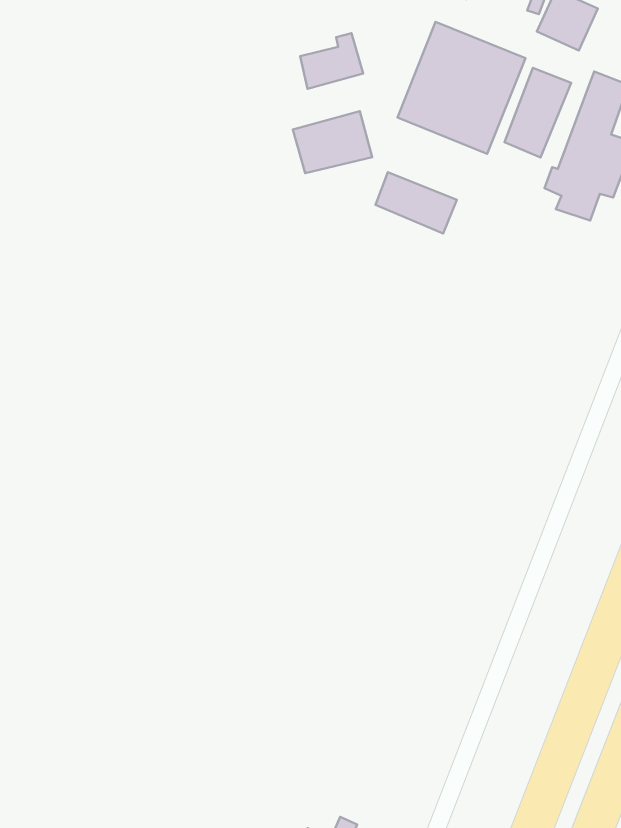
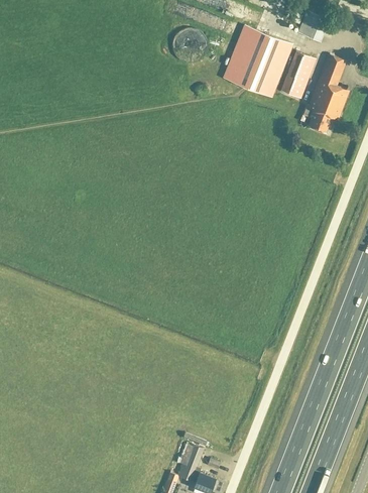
building: [293,111,372,173] -> none
building: [375,172,457,233] -> none

